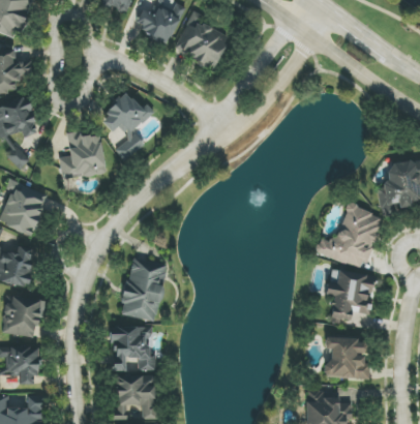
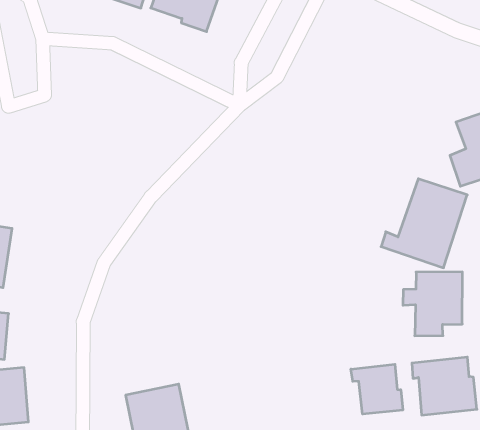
building: [100,93,148,161] -> none
building: [60,130,107,179] -> none
building: [121,258,168,322] -> none
building: none -> [351,364,403,414]

